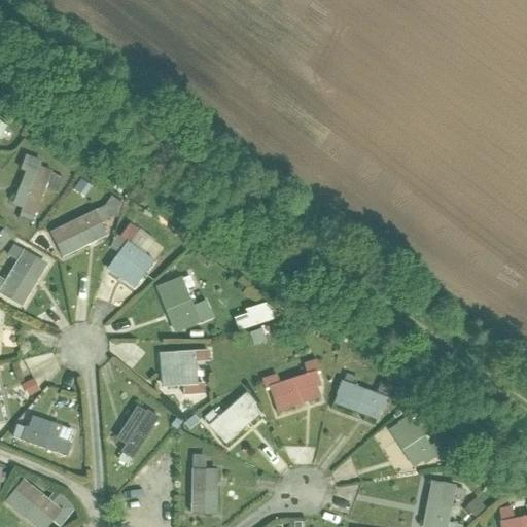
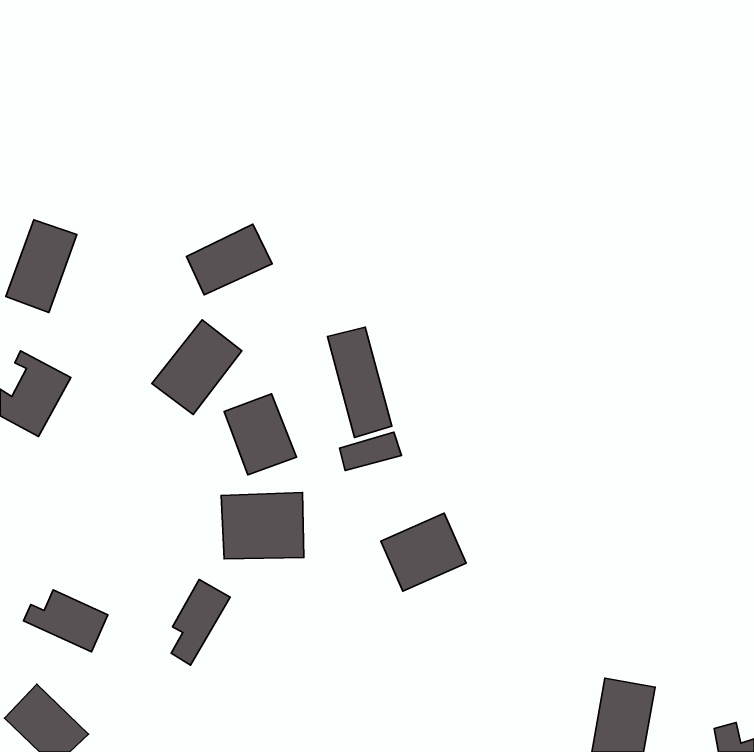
building: [51,208,111,257] -> [186,224,272,295]
building: none -> [327,327,392,437]
building: [338,382,387,420] -> none
building: [205,388,264,445] -> none
building: [390,411,440,463] -> none
building: [189,451,221,515] -> none

